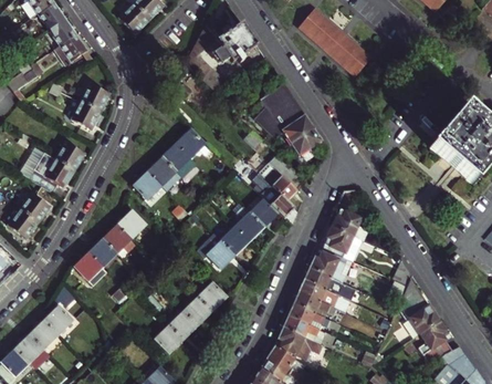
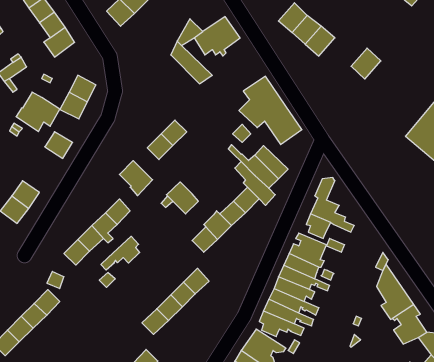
building: [339,44,370,76] -> [351,48,381,79]
building: [29,152,74,193] -> [16,92,60,132]
building: [147,158,180,191] -> [166,182,198,214]
building: none -> [101,236,140,270]

